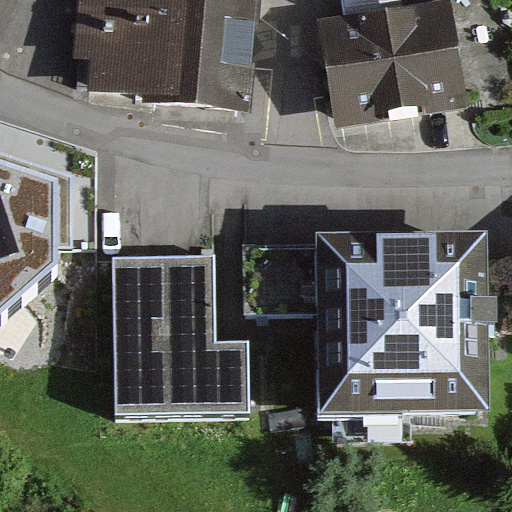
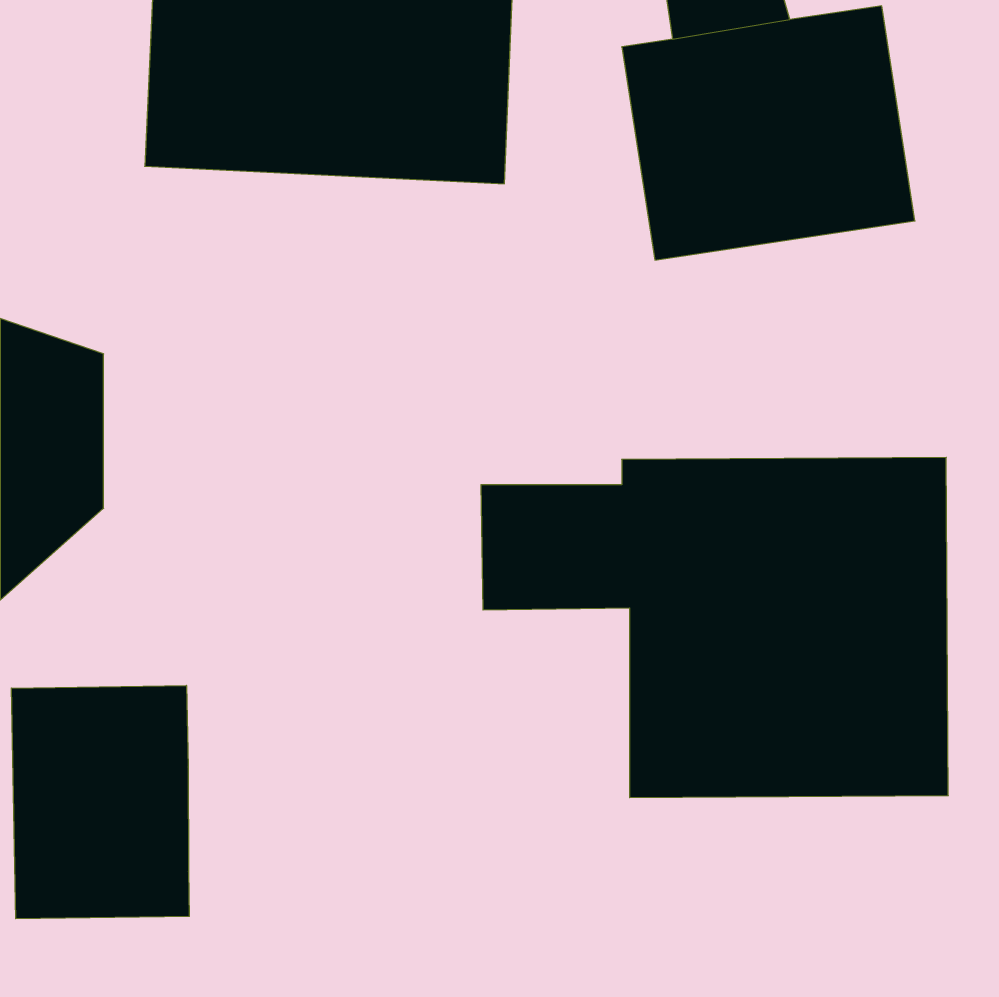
building: [114,258,247,412] -> none
building: none -> [11,685,189,919]

